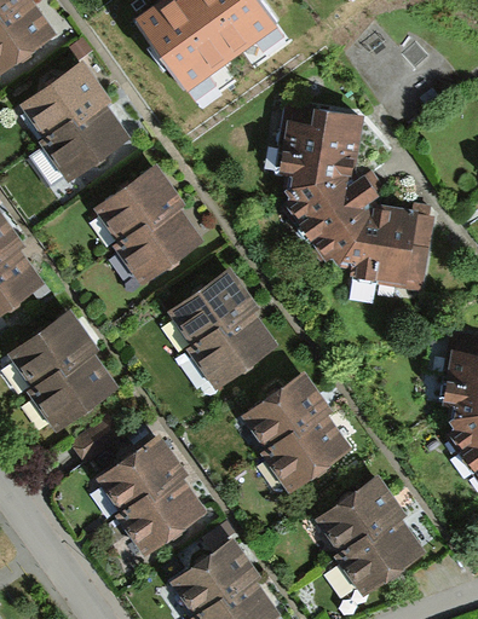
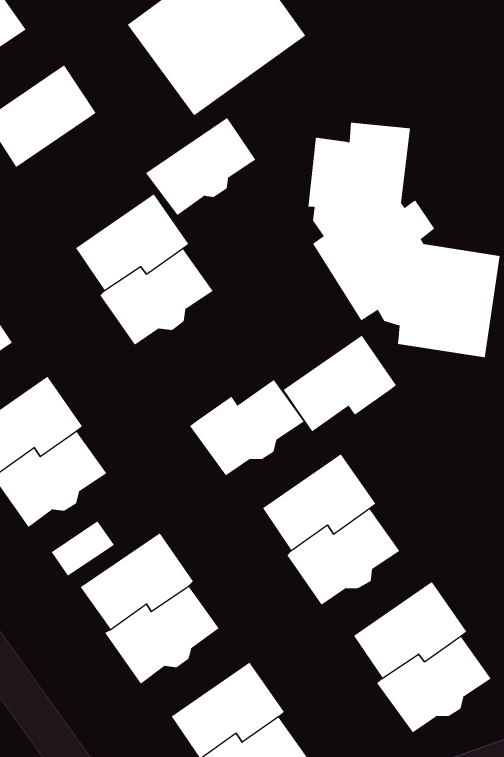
building: [41,103,129,181] -> [145,117,256,216]
building: [166,268,257,346] -> [283,335,397,432]

